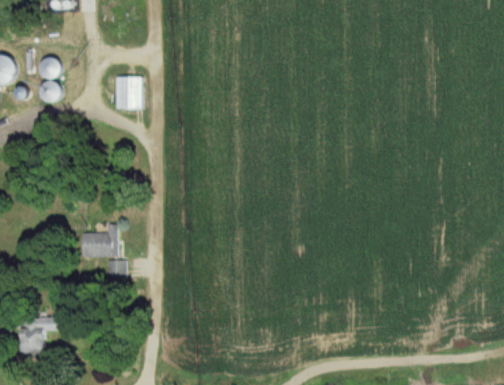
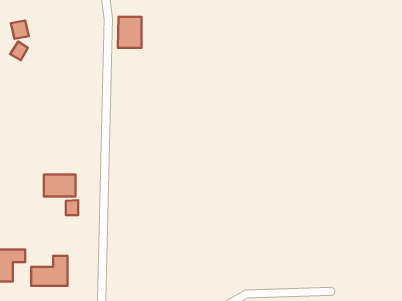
building: [114,79,141,114] -> [118,17,142,48]
building: none -> [31,256,67,286]

